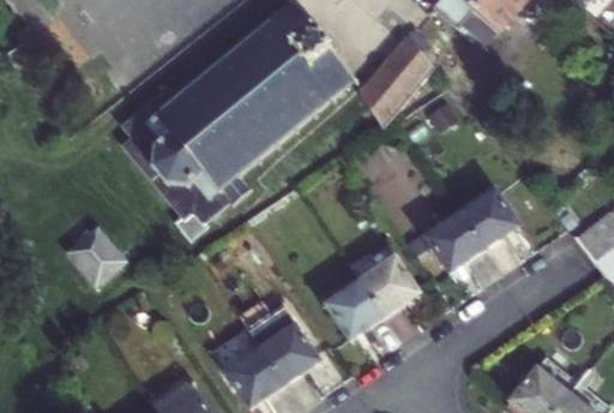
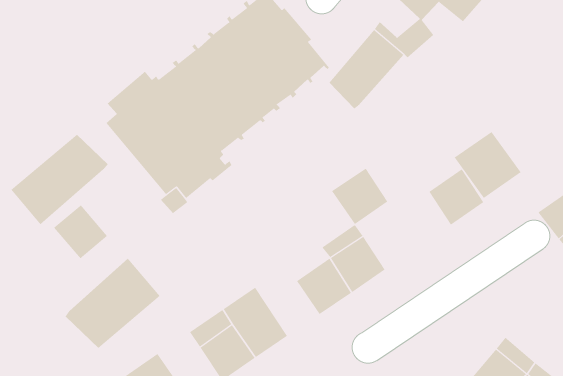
building: none -> [454,131,522,199]
building: none -> [11,134,108,225]
building: [425,210,483,269] -> [331,168,388,225]
building: none -> [65,258,160,349]

